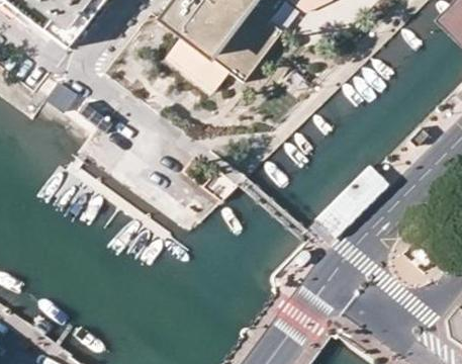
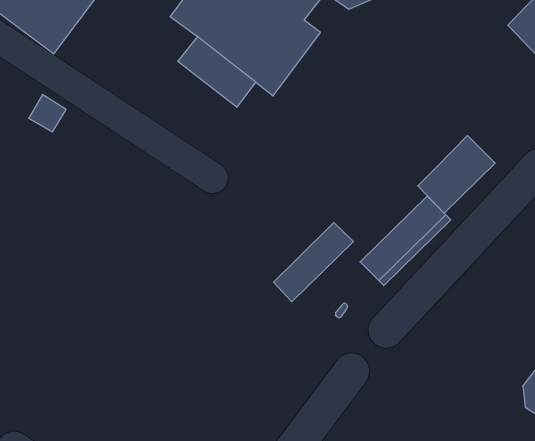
building: none -> [418,136,495,213]
building: none -> [274,222,353,302]

